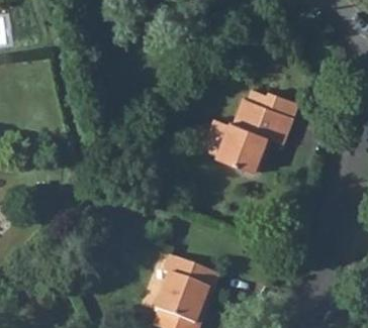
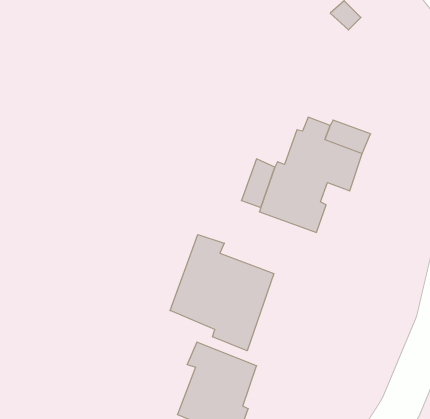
building: none -> [170,235,274,351]

